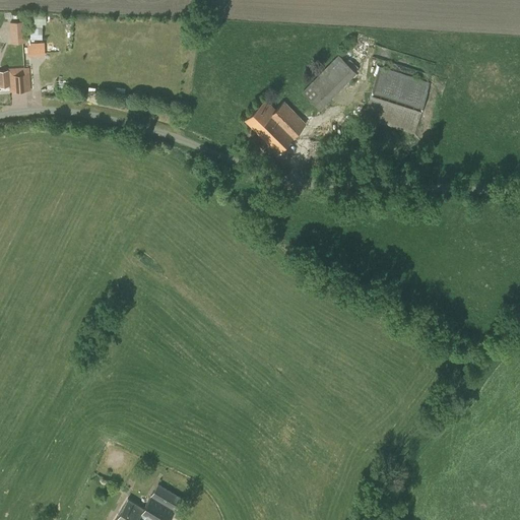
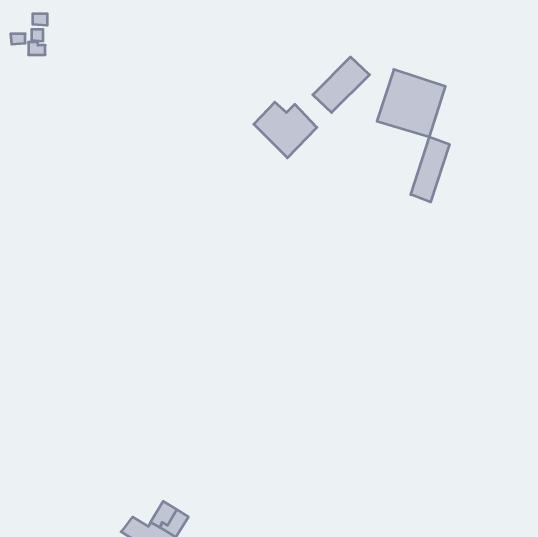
building: [9,69,30,92] -> none
building: none -> [411,137,449,202]

